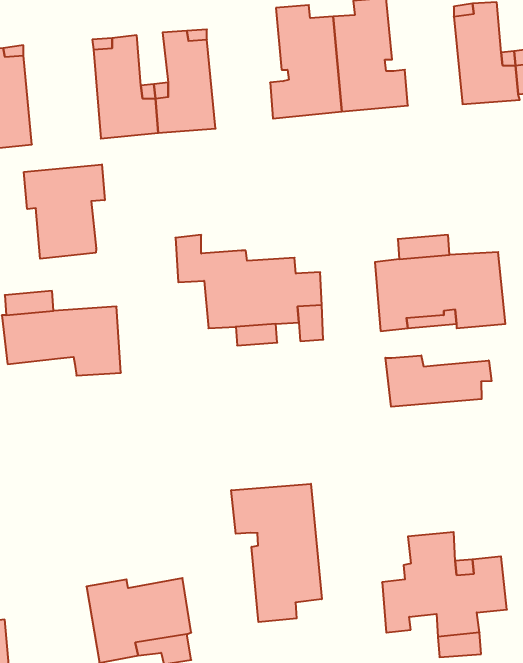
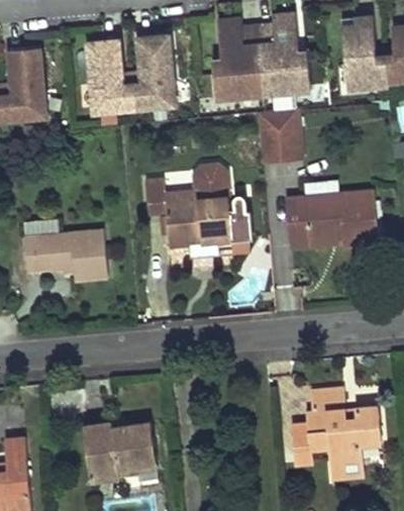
building: none -> [259,110,303,163]
building: [24,164,105,259] -> none
building: none -> [192,164,230,199]
building: [385,355,492,407] -> none
building: [231,484,322,622] -> none

